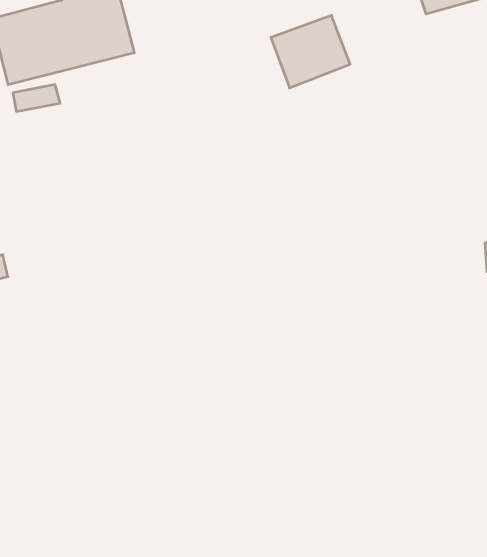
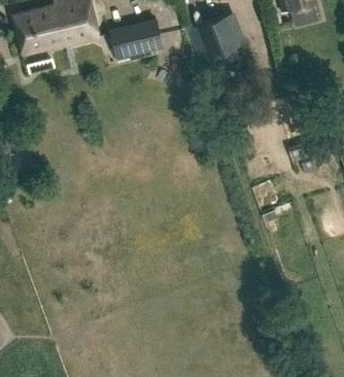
building: none -> [108,19,163,58]

